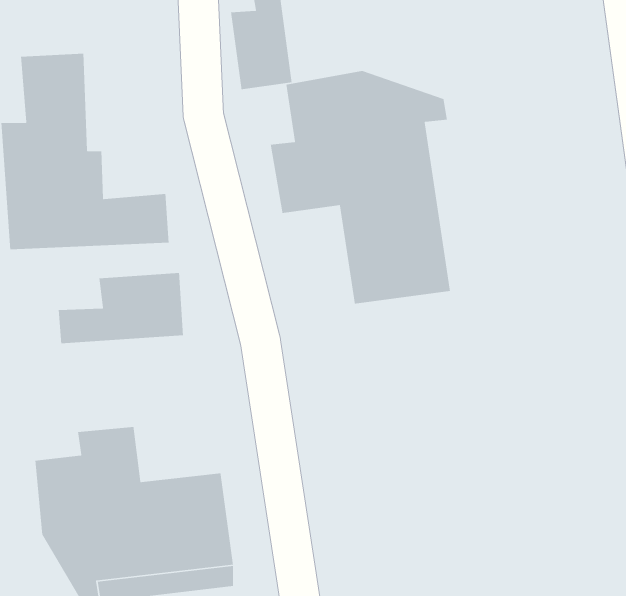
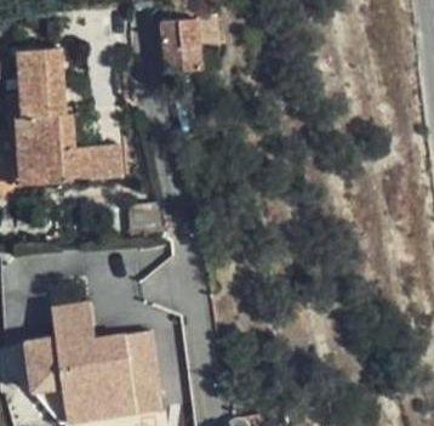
building: [270,70,451,305] -> none
building: [58,272,184,344] -> none

